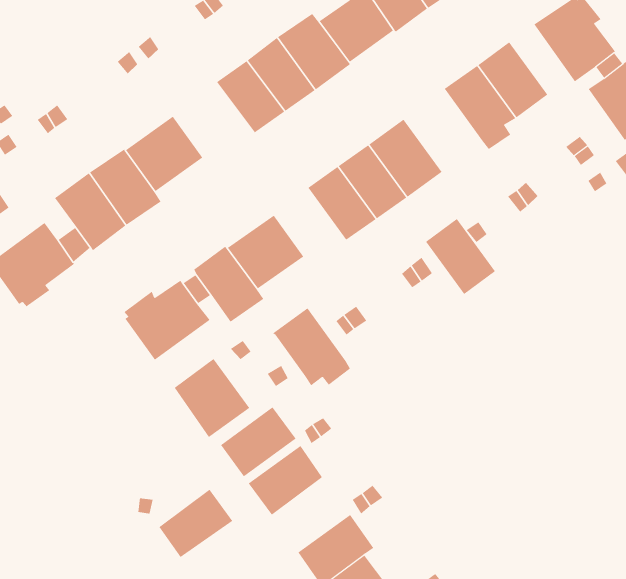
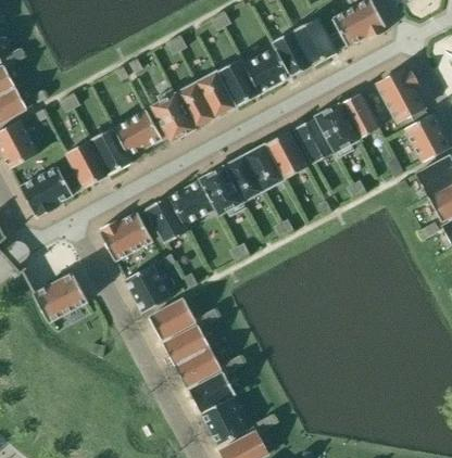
building: none -> [152,87,196,140]
building: [425,218,496,295] -> [294,115,336,163]
building: [272,308,351,386] -> [200,165,246,215]
building: none -> [34,271,88,321]
building: [159,489,233,558] -> [175,345,222,385]

